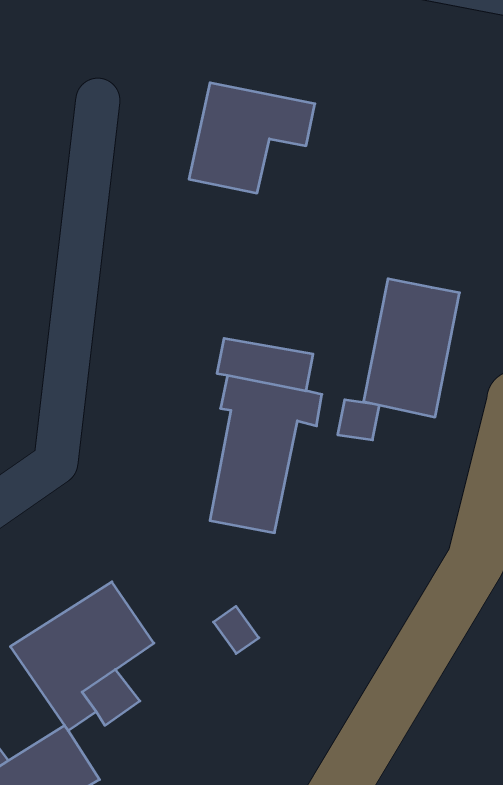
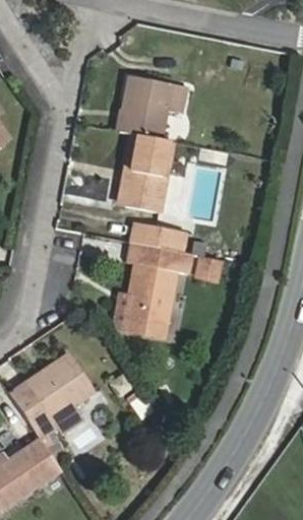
building: [363,279,460,417] -> [116,132,172,212]

